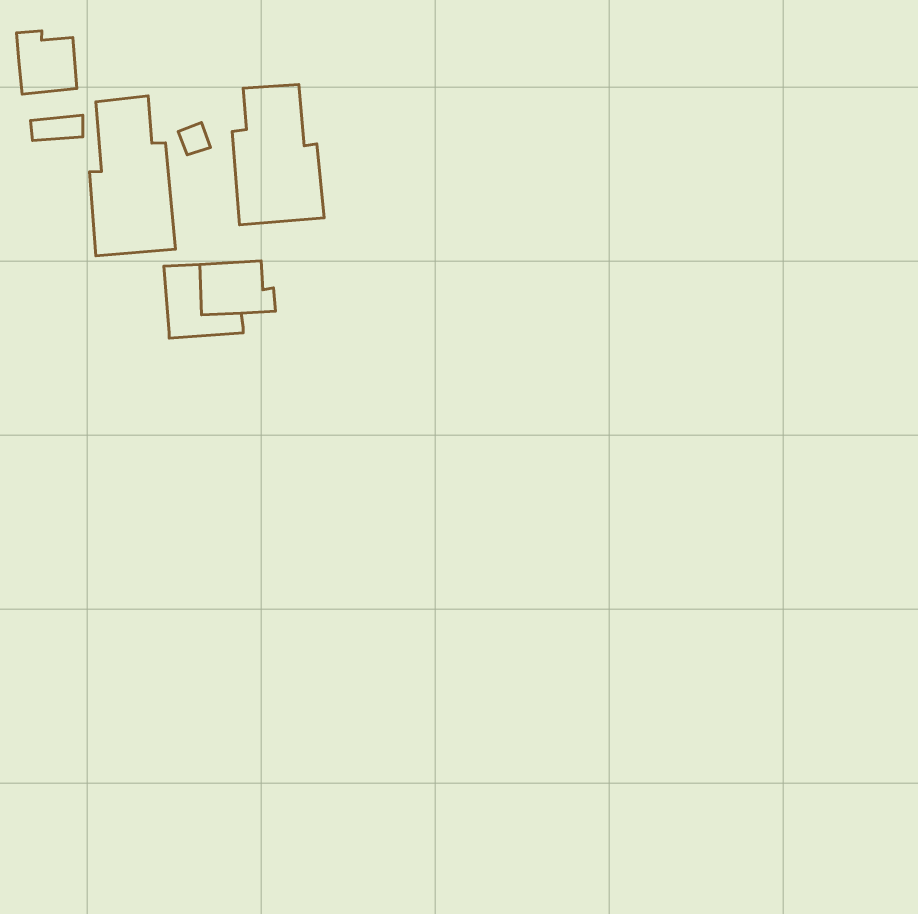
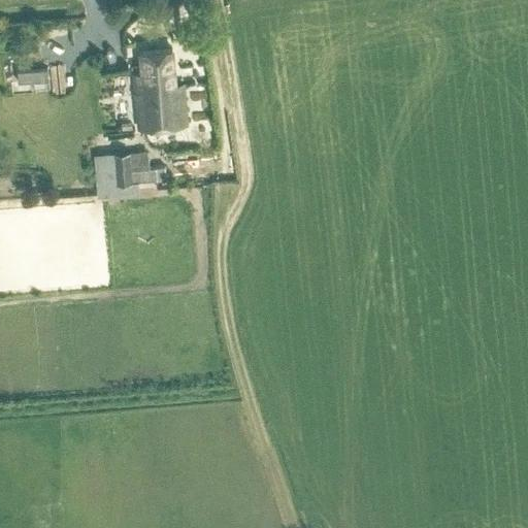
building: [16,31,77,94] -> none
building: [90,96,175,256] -> none

